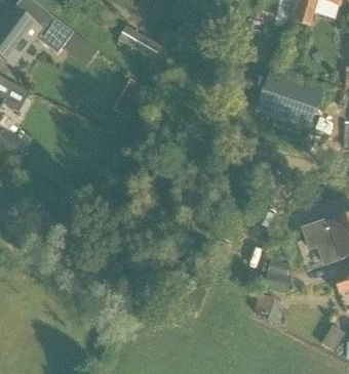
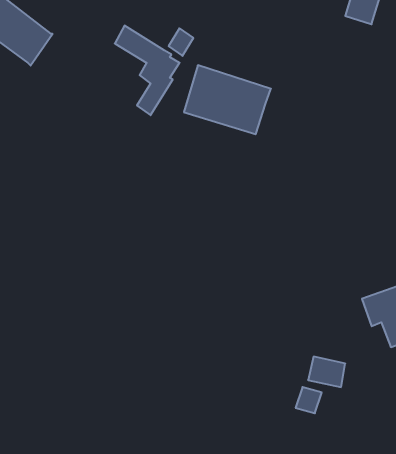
building: [259,73,323,124] -> [184,65,271,134]

